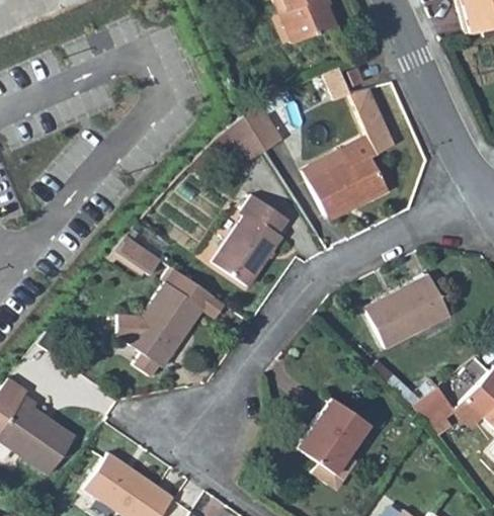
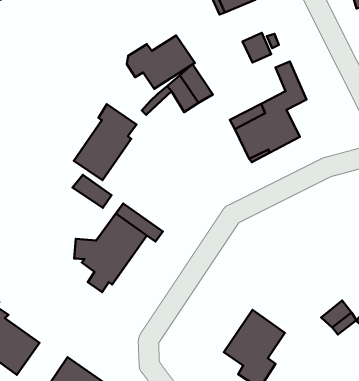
building: none -> [127,35,195,89]
building: [215,194,290,285] -> [74,104,136,180]
building: [364,273,450,348] -> none

